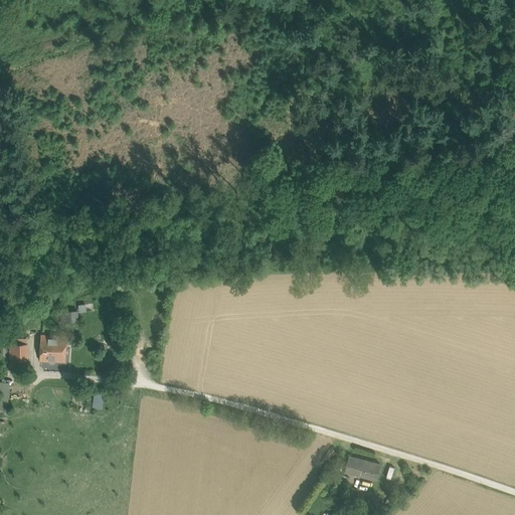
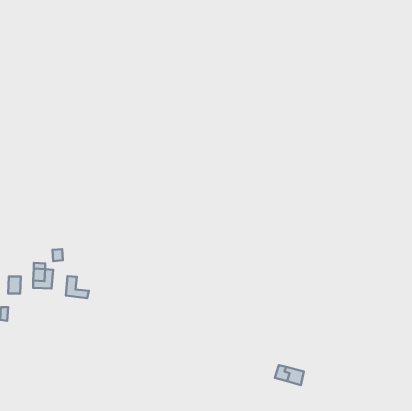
building: none -> [66,276,89,298]

